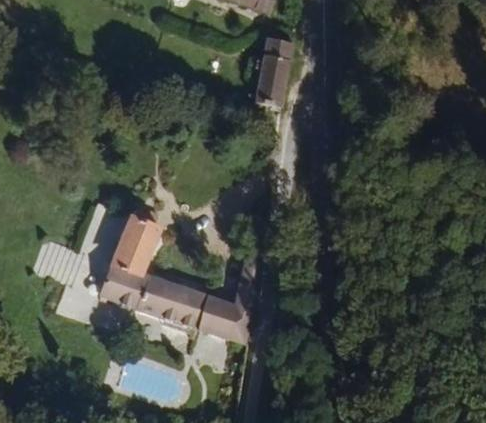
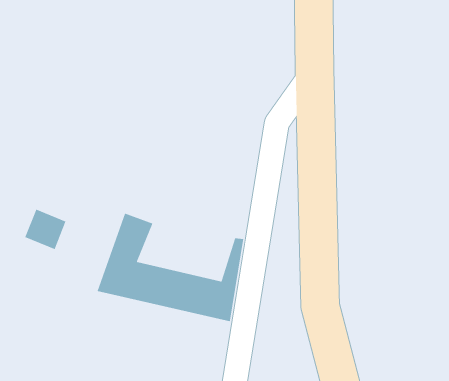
building: [255,31,292,104] -> none

